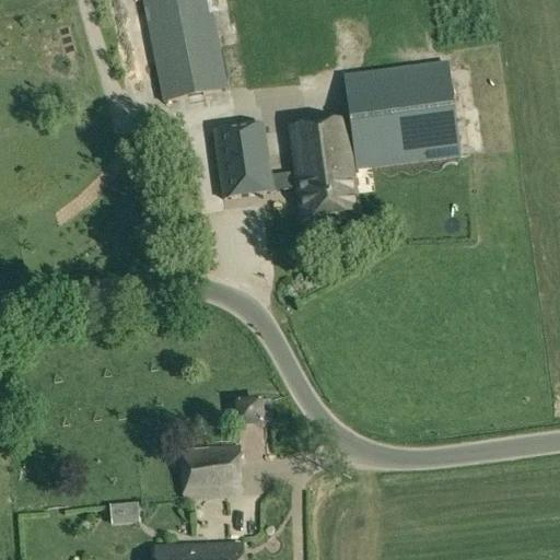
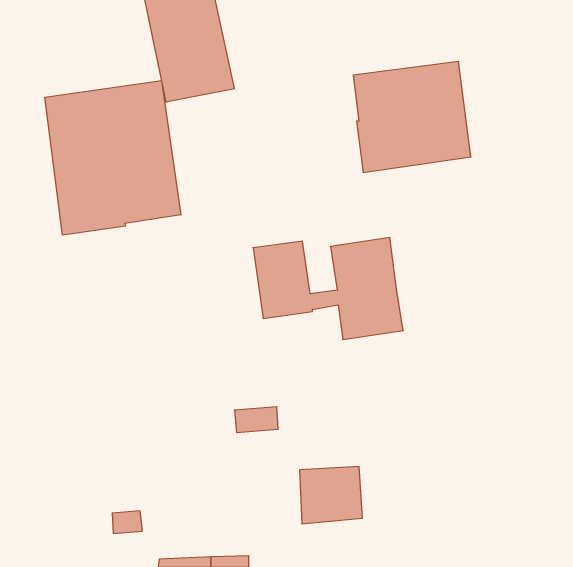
building: none -> [45,81,181,235]
building: [214,118,361,218] -> [253,238,403,340]
building: [182,444,243,500] -> [300,467,362,524]

